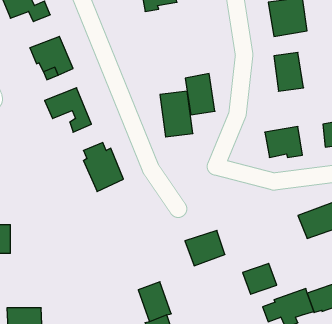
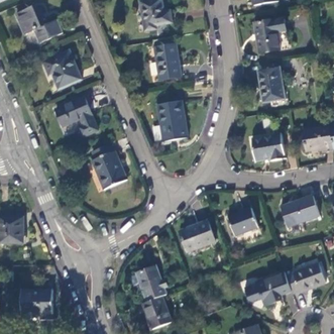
building: [185,74,215,115] -> [153,42,180,79]
building: [243,263,277,294] -> [227,210,257,237]

